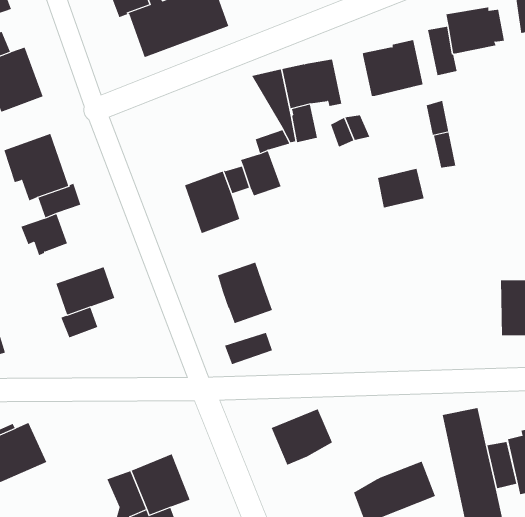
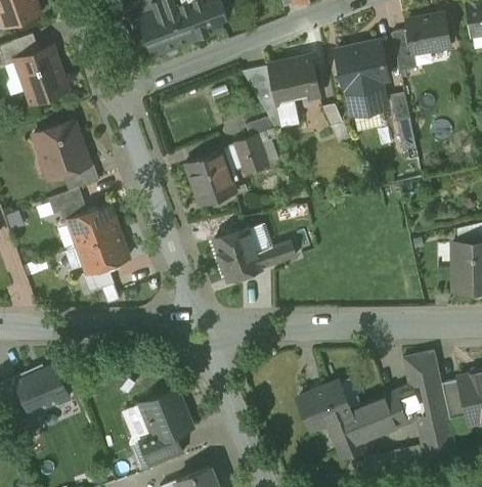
building: [377,168,424,208] -> [346,82,386,116]
building: none -> [69,206,119,248]
building: [224,332,273,365] -> [255,242,296,270]
building: [271,408,333,465] -> [298,383,350,431]

